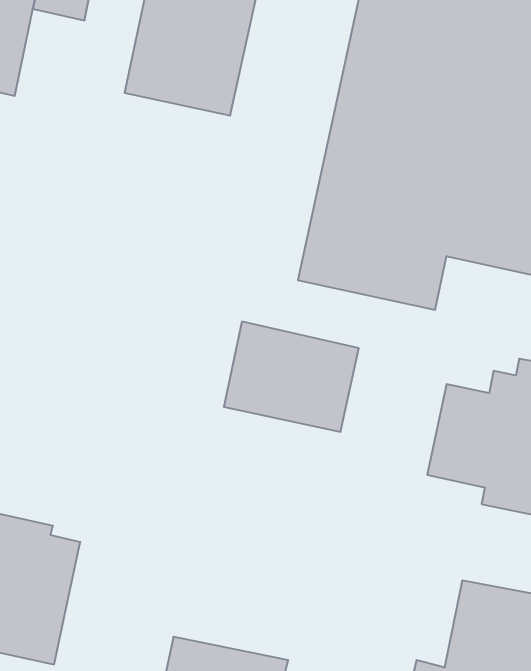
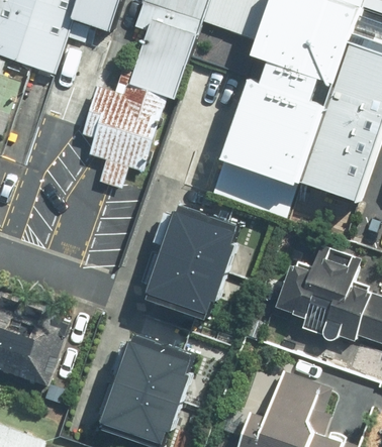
building: none -> [84,87,169,175]
building: none -> [142,255,222,324]
building: none -> [114,334,193,402]

